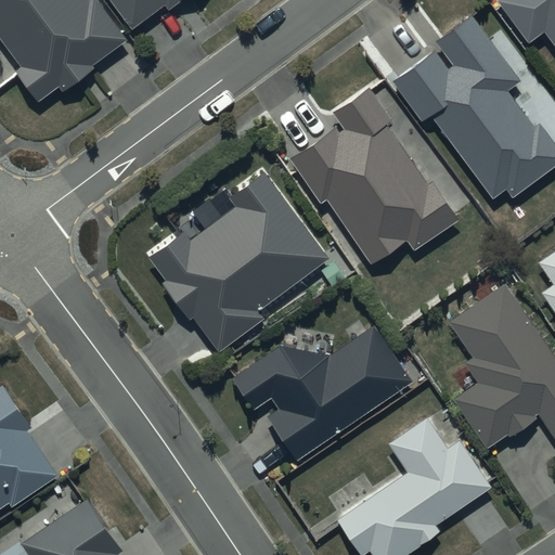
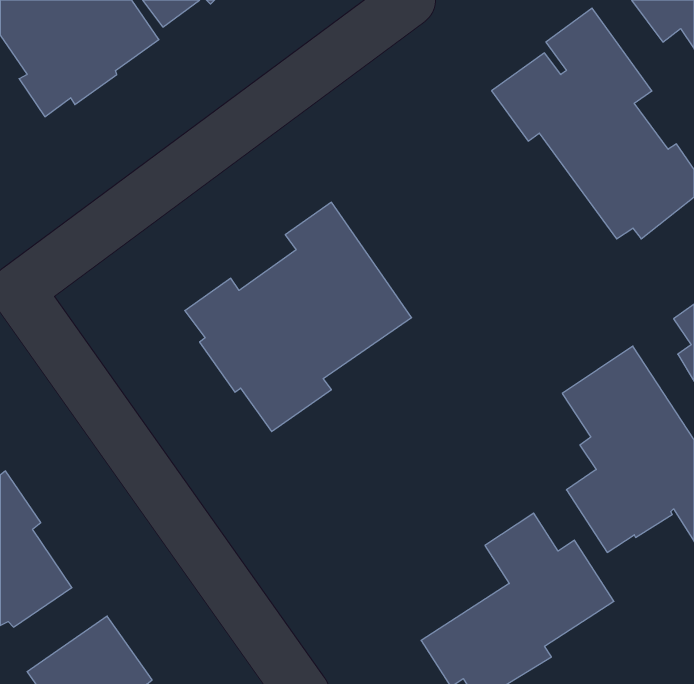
building: [292,88,459,263] -> none
building: [232,326,411,459] -> none

